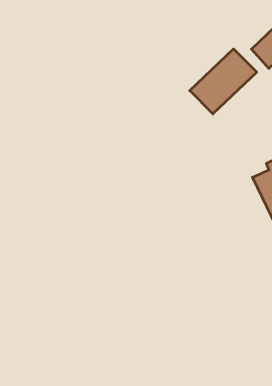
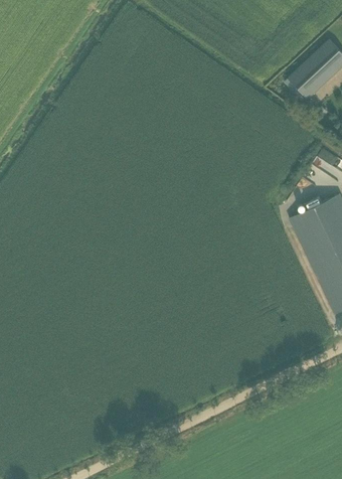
building: [190,49,257,114] -> none

